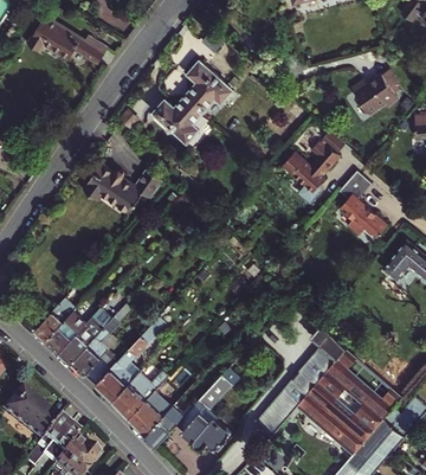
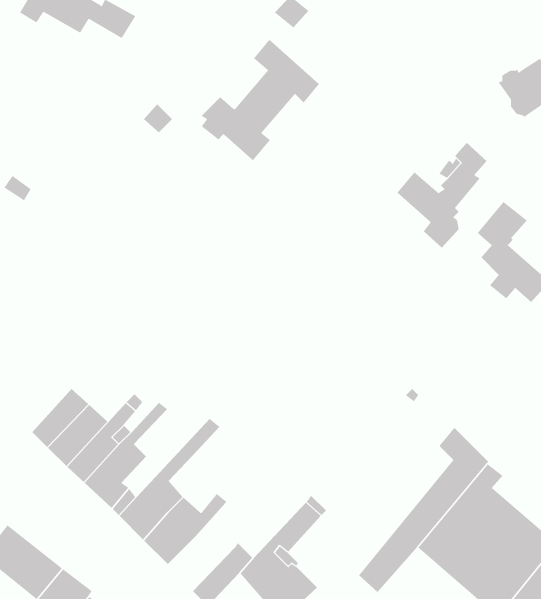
building: [83,162,162,212] -> none
building: [129,385,176,435] -> none

